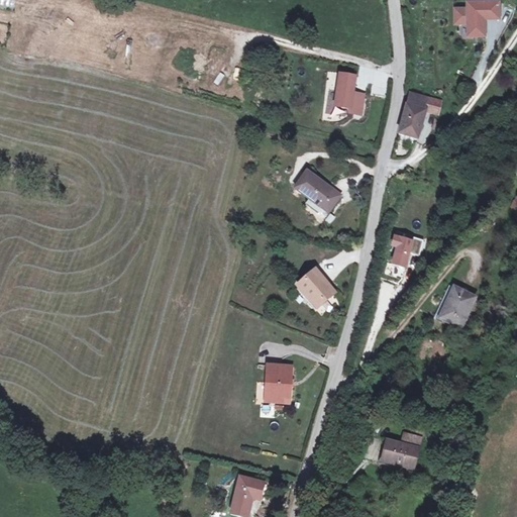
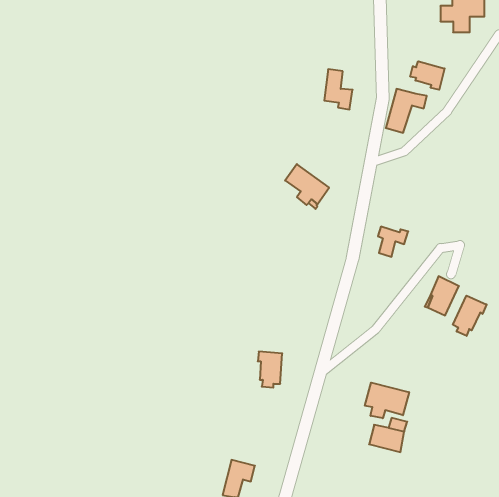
building: none -> [410,61,445,90]
building: [297,268,335,307] -> none
building: none -> [453,296,487,336]
building: none -> [365,383,409,418]

